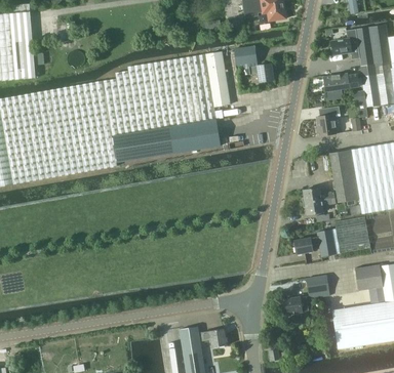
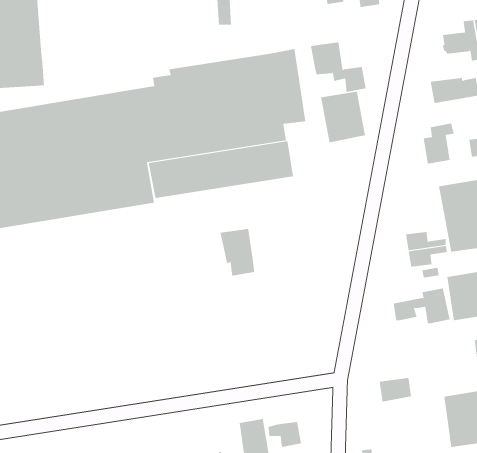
building: none -> [320,91,365,143]
building: none -> [220,228,255,276]
building: [307,274,330,297] -> none

